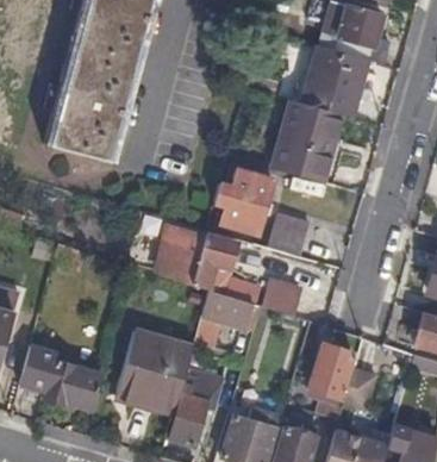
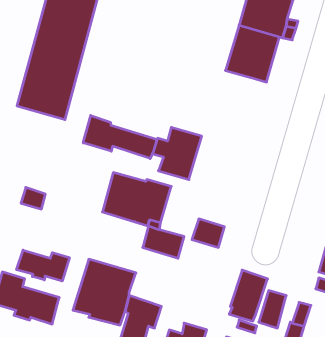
building: [274,98,344,183] -> none
building: none -> [83,115,157,159]
building: [267,211,307,255] -> none
building: none -> [17,250,69,281]

